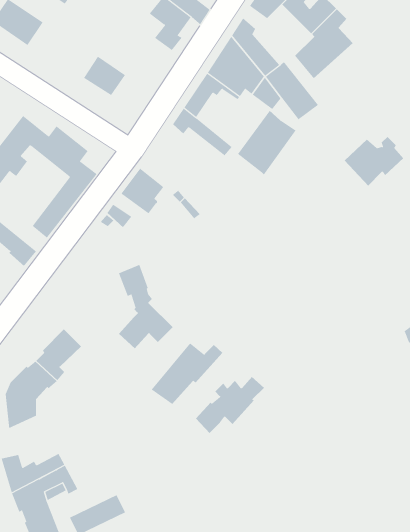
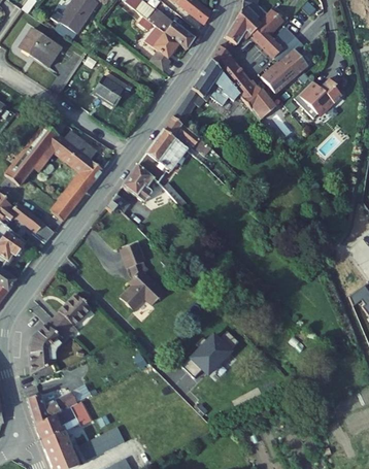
building: [237,110,296,176] -> [137,130,184,182]
building: [344,136,404,186] -> [294,78,342,119]
building: [151,343,223,405] -> none

